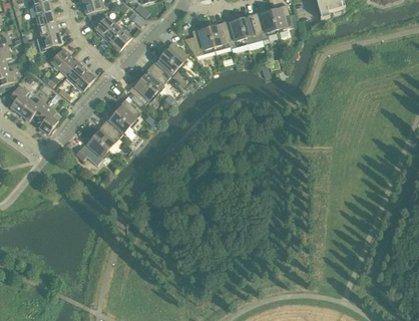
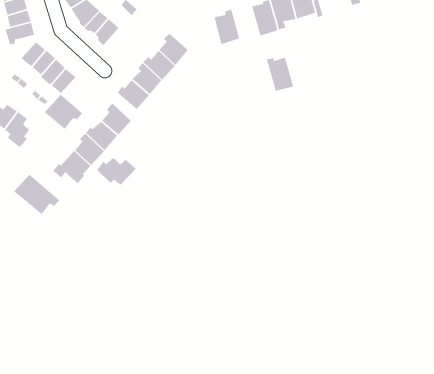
building: [223,18,246,47] -> [266,56,294,92]
building: [183,27,214,55] -> none
building: none -> [44,94,83,130]
building: none -> [96,157,136,185]
building: none -> [13,174,60,215]

